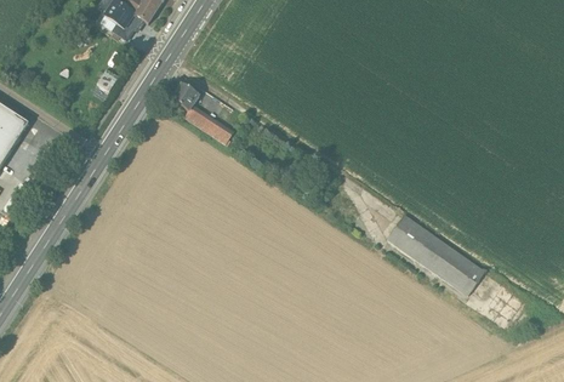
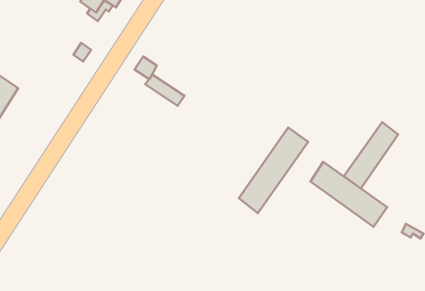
building: none -> [344,122,398,188]
building: none -> [239,127,308,213]

